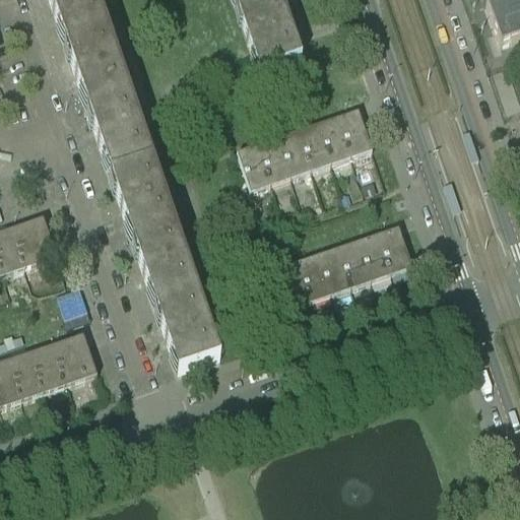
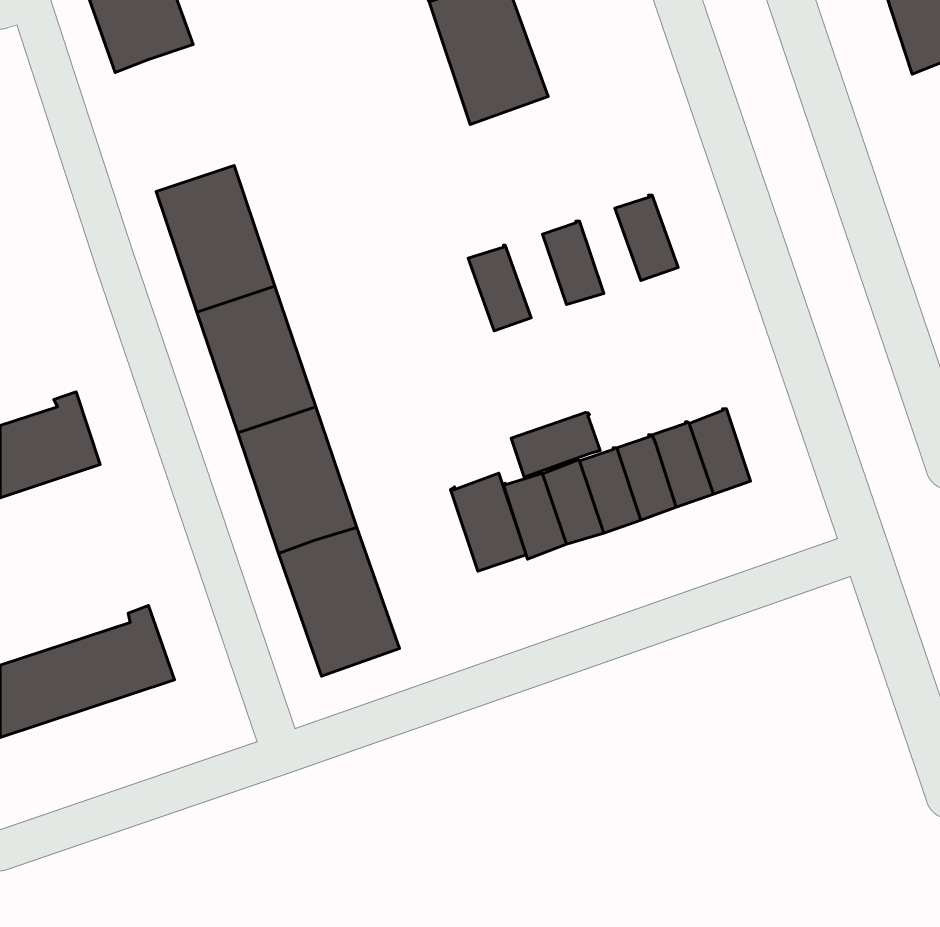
building: [68,24,133,105] -> none
building: [322,114,355,160] -> none
building: [281,127,315,174] -> none
building: [240,140,275,188] -> none
building: none -> [511,413,600,477]
building: none -> [451,473,526,571]

